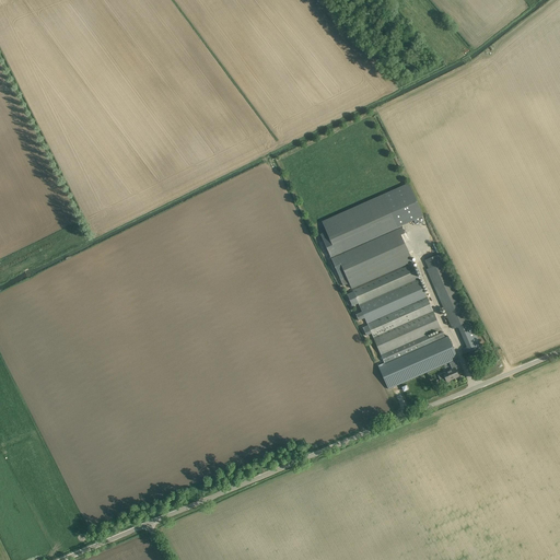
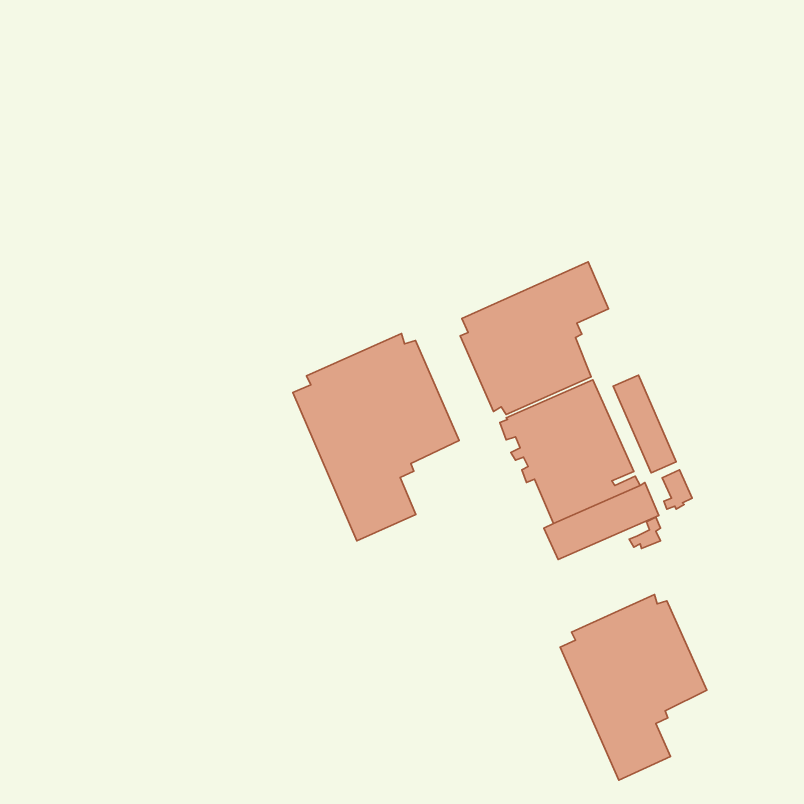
building: none -> [293,334,459,541]
building: none -> [560,594,707,780]

